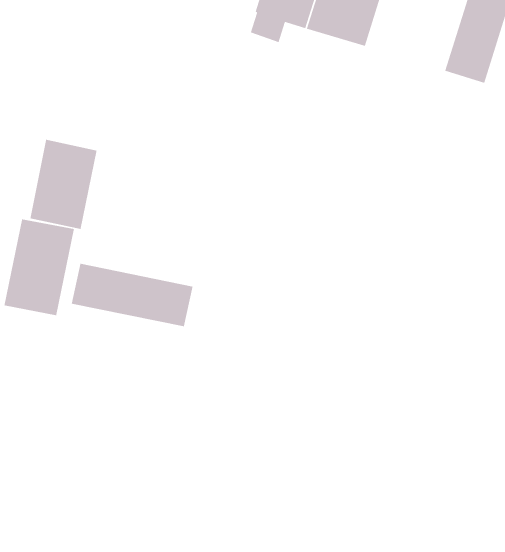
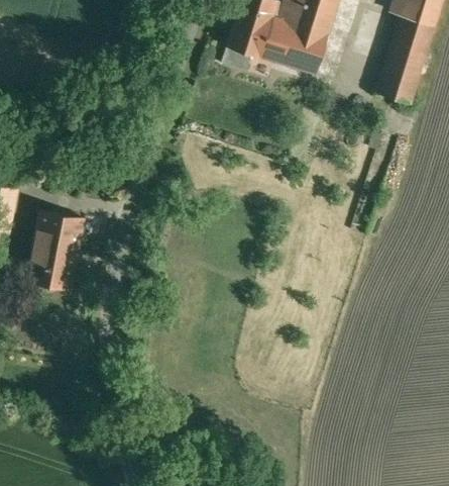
building: [29,139,97,230] -> none
building: [71,263,194,327] -> none

